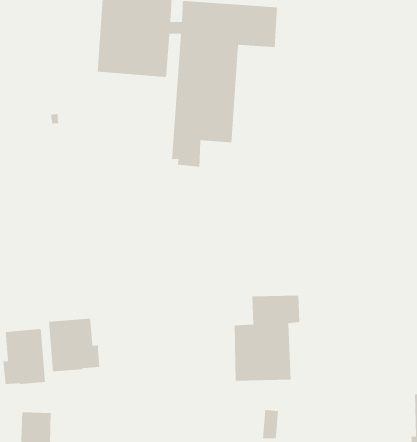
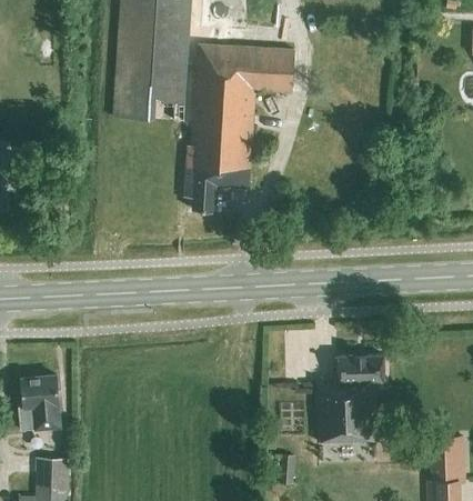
building: [234,295,300,381] -> [318,352,384,439]
building: [48,318,100,372] -> none

